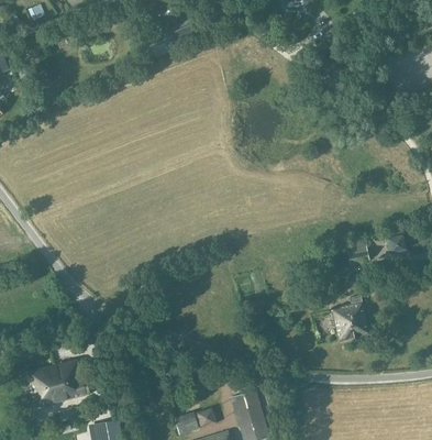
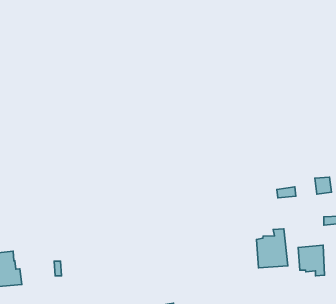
building: none -> [298,245,324,276]

